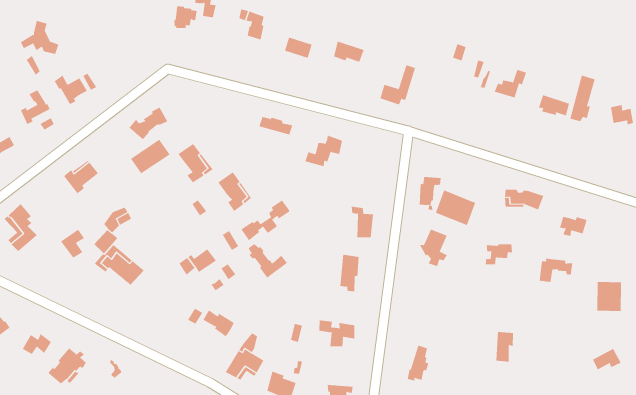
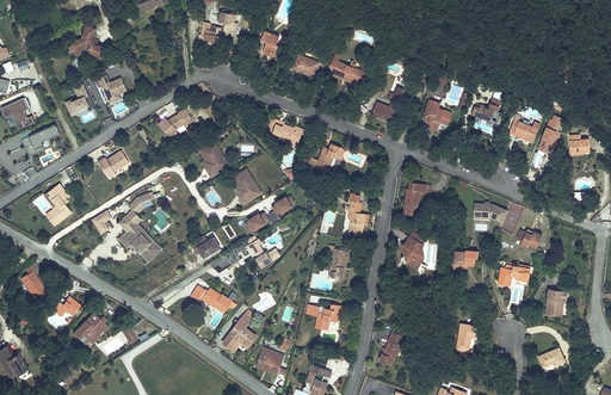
building: none -> [421,101,455,132]
building: [130,139,170,174] -> none
building: [435,190,476,226] -> none

